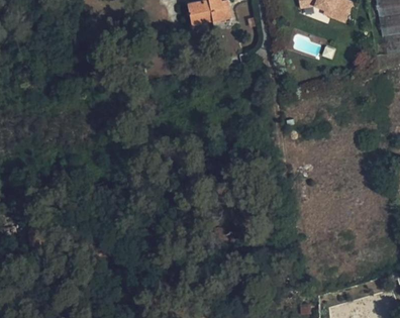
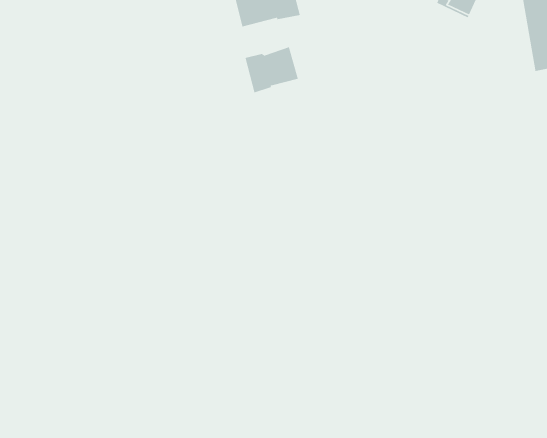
building: none -> [244,46,299,94]

